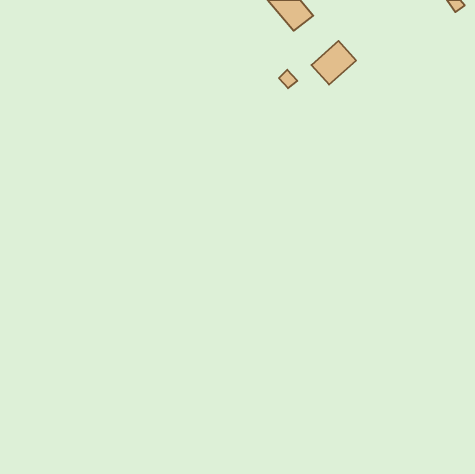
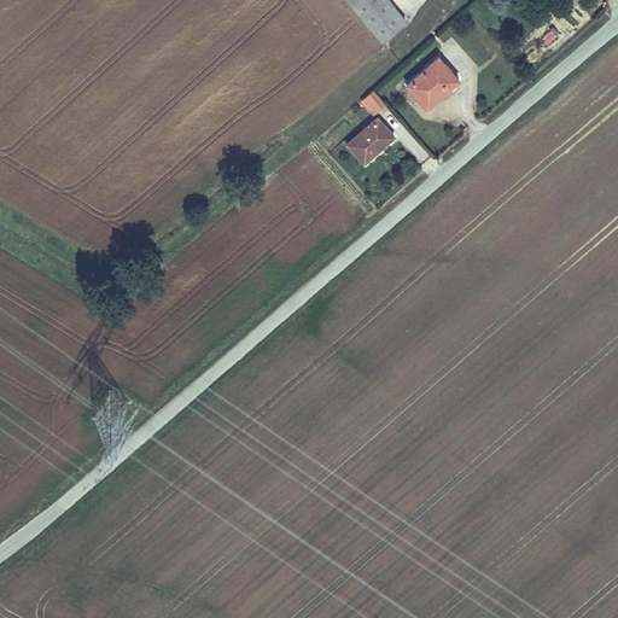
building: none -> [344,116,400,167]

